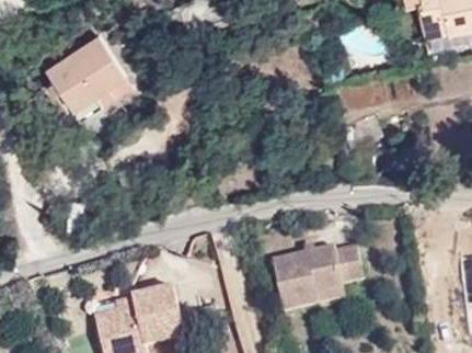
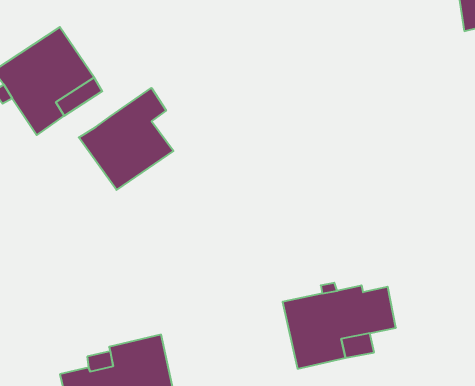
building: none -> [79,88,173,190]

